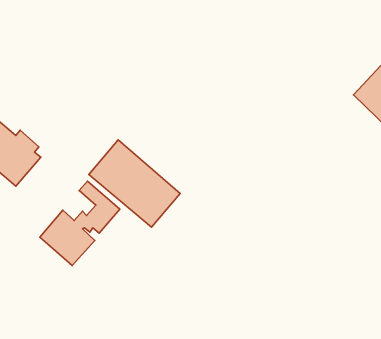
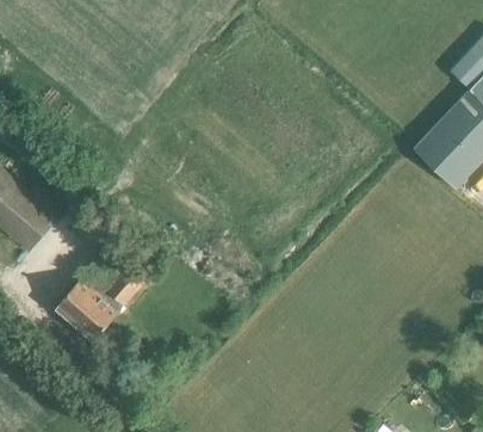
building: [89,140,180,227] -> none

